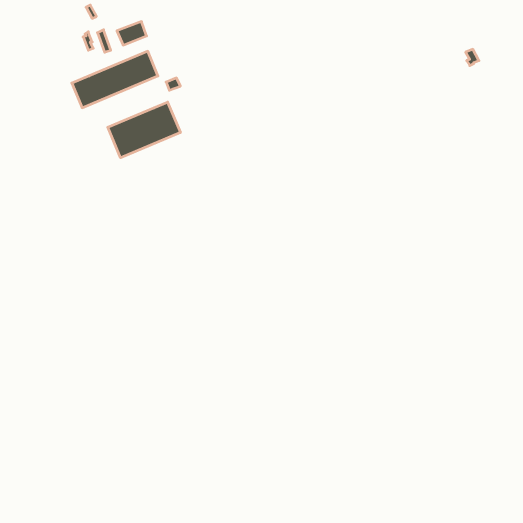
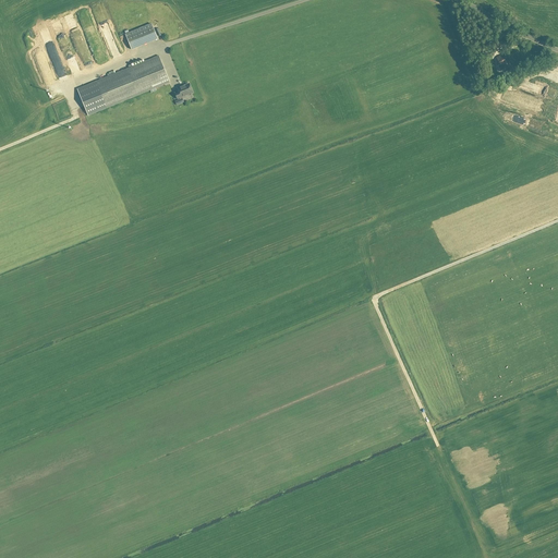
building: [108,102,180,158] -> none

